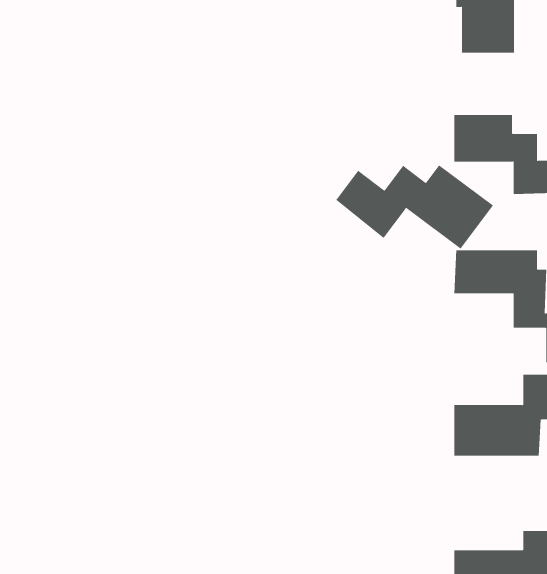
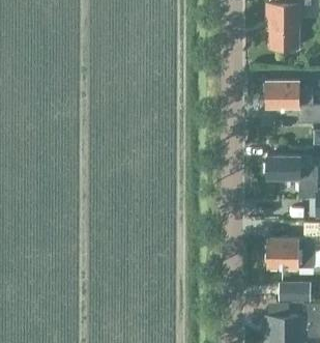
building: [336,164,494,250] -> none
building: none -> [279,284,310,304]

